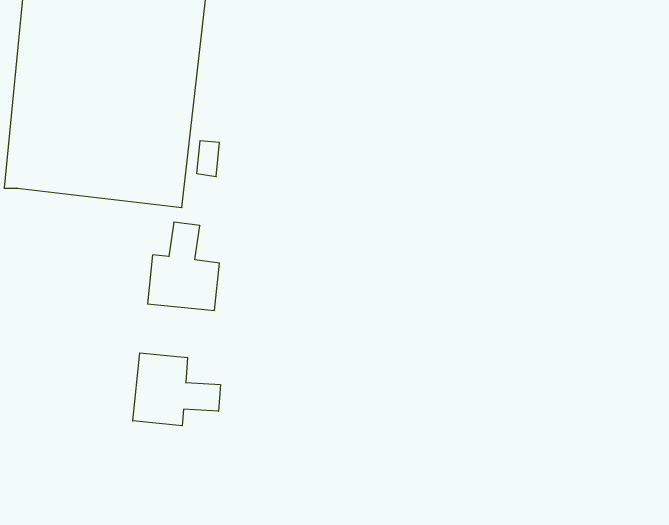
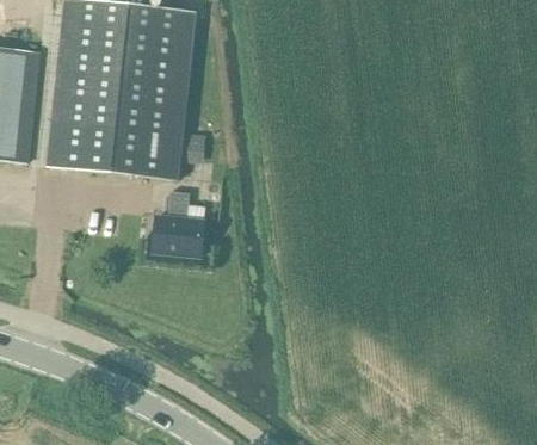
building: [133,353,220,426] -> none

